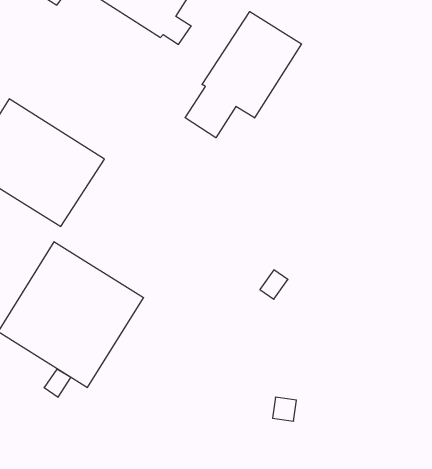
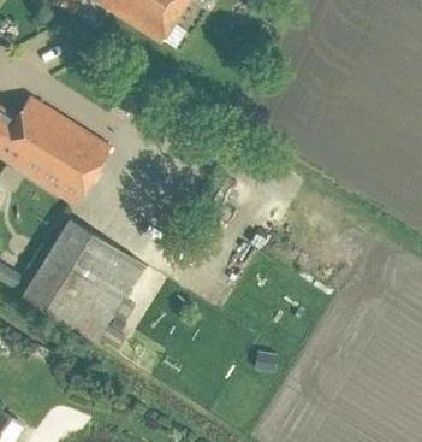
building: [185,12,302,138] -> none

